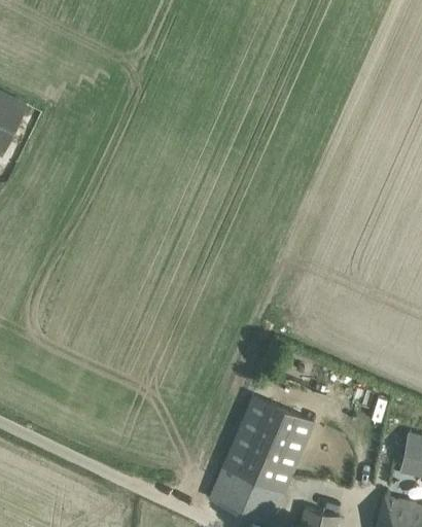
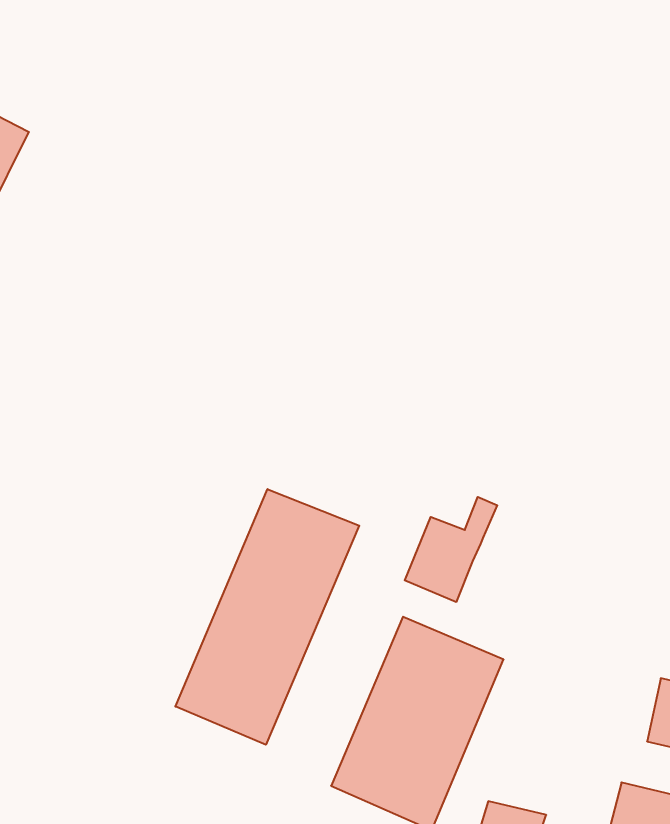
building: none -> [175,489,359,745]
building: none -> [405,497,497,602]

